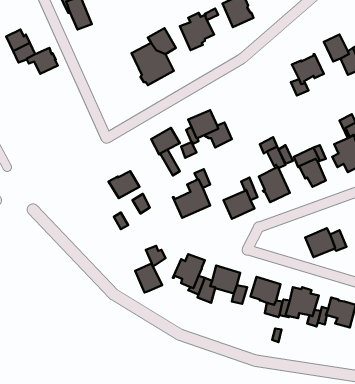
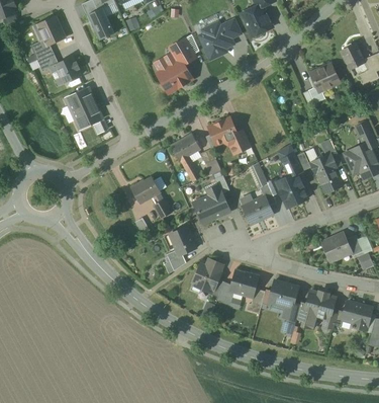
building: none -> [36,16,64,46]
building: none -> [64,88,103,132]
building: [135,263,162,292] -> [169,227,195,255]

